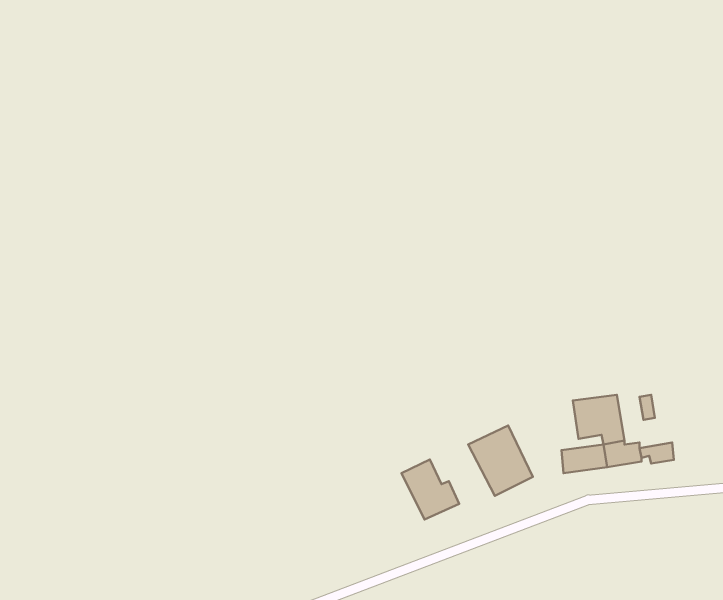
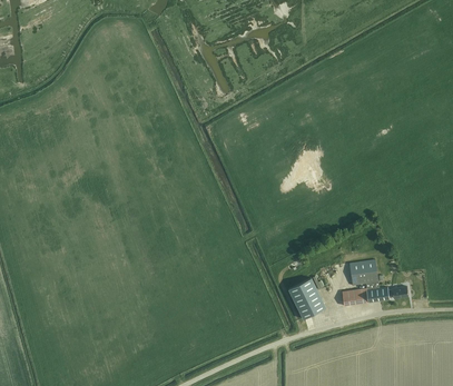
building: [401,459,459,520] -> none

